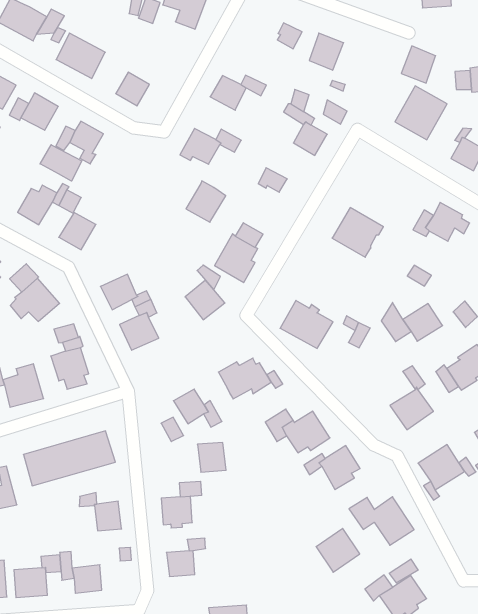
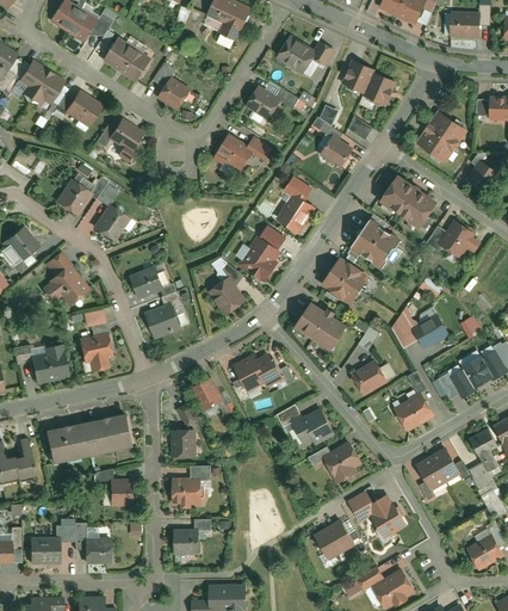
building: none -> [277,36,316,74]
building: [401,46,436,83] -> [361,67,395,103]
building: [40,145,82,181] -> none
building: none -> [380,175,436,228]
building: [186,181,226,222] -> [277,193,315,233]
building: none -> [323,259,367,303]
building: none -> [351,360,388,396]
building: [197,443,226,472] -> [171,431,196,457]

